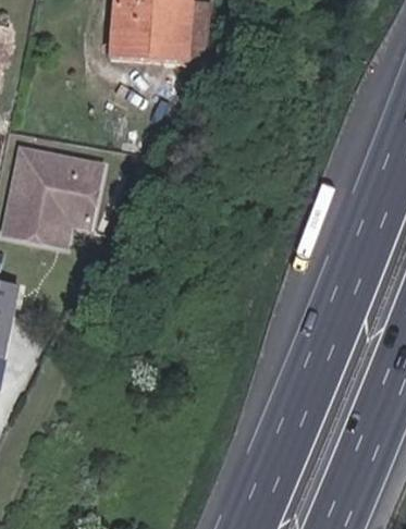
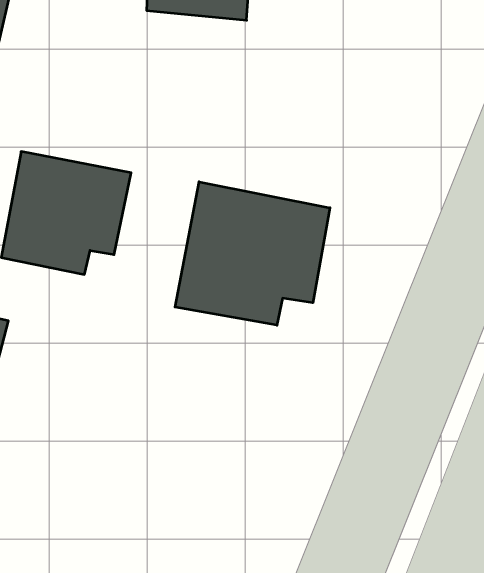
building: none -> [175,182,330,325]

